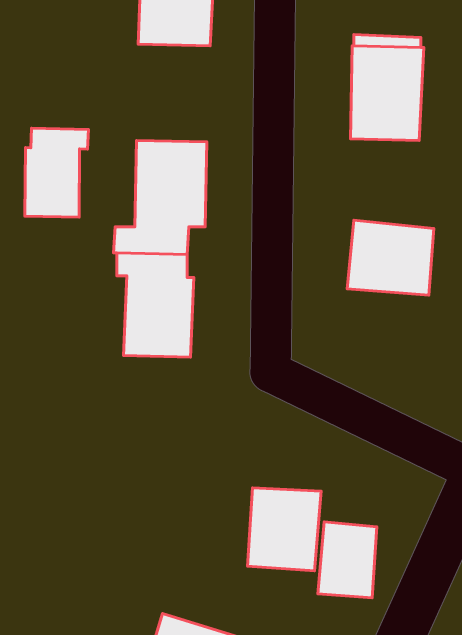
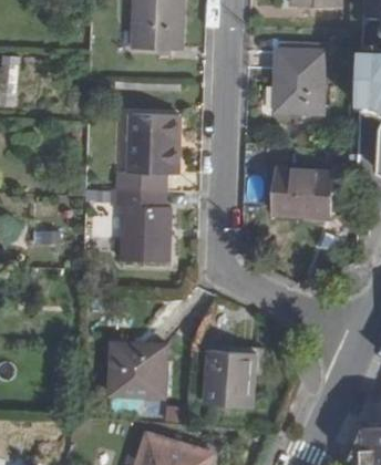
building: [25,128,88,217] -> none
building: none -> [109,341,166,397]
building: [318,522,377,598] -> none

